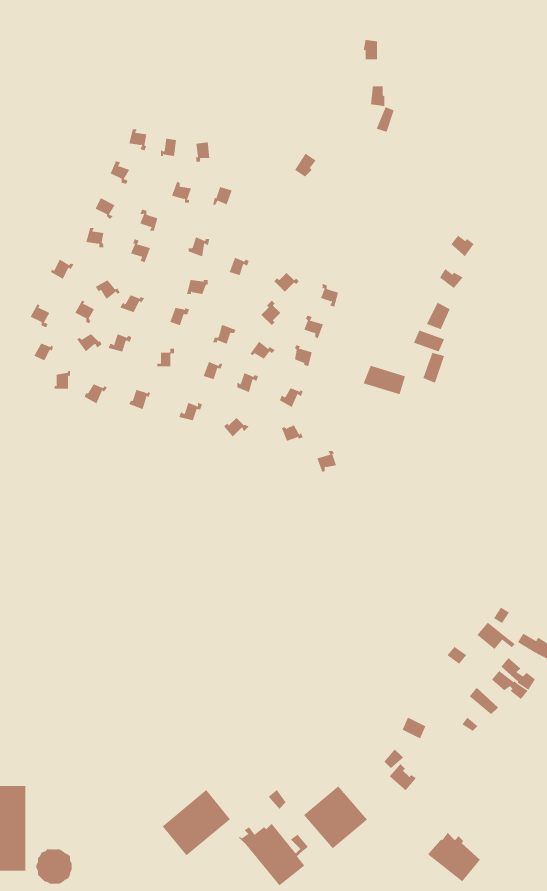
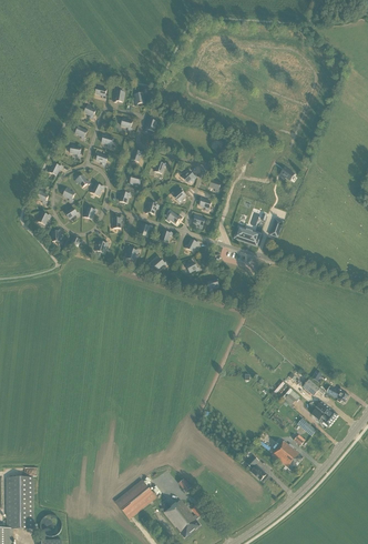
building: [303,785,368,849] -> none
building: [427,832,481,882] -> [269,440,301,470]

